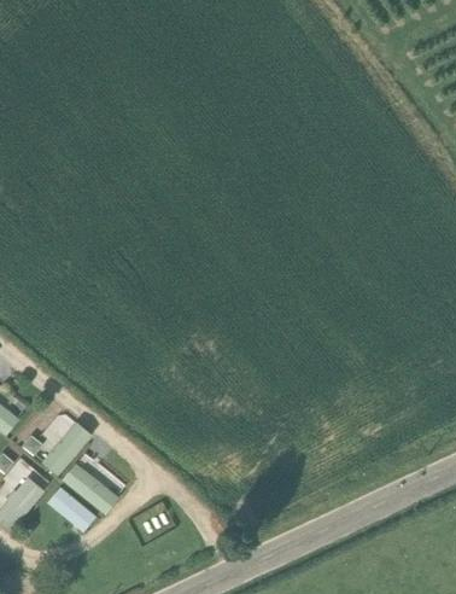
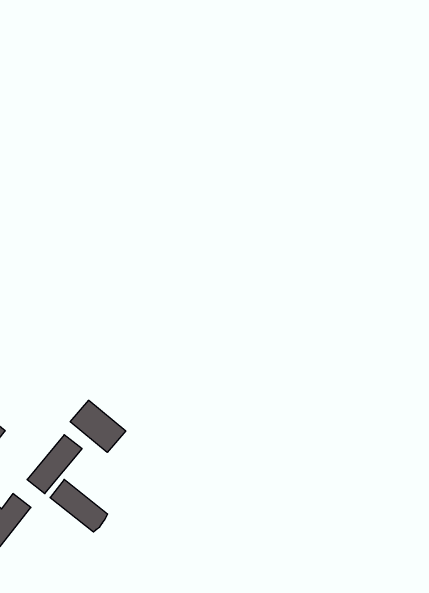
building: none -> [70,400,126,452]
building: [46,484,95,531] -> none

